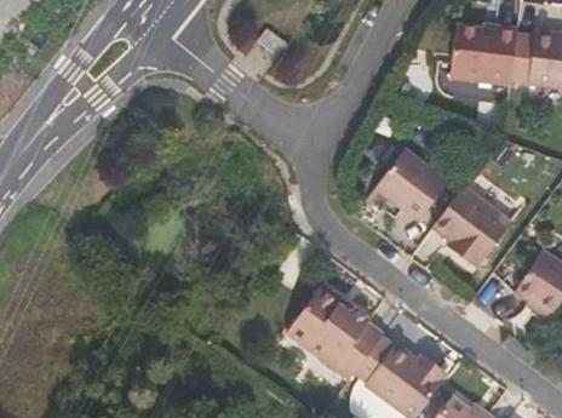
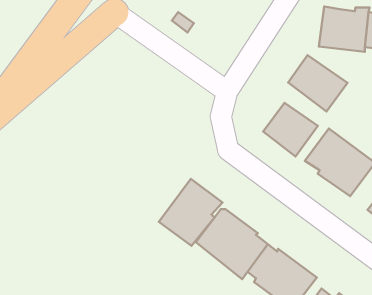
building: none -> [288,55,347,112]
building: none -> [159,179,222,246]

